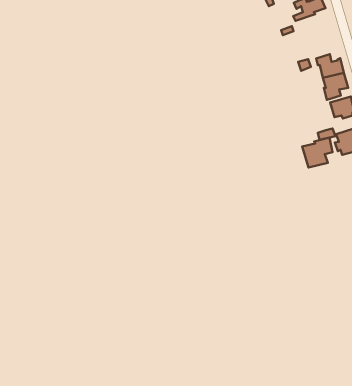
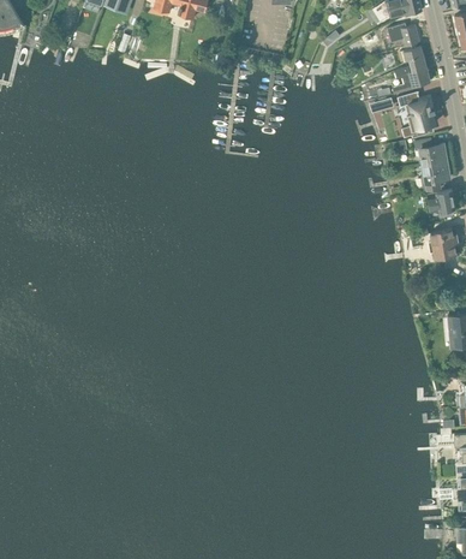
building: none -> [398,91,436,137]
building: [302,138,332,167] -> none

